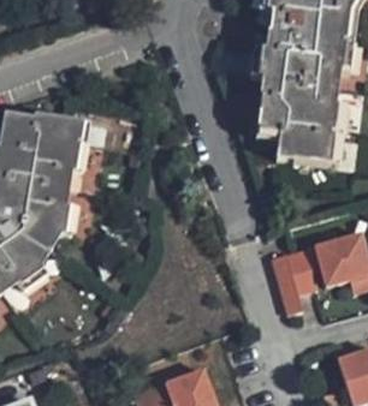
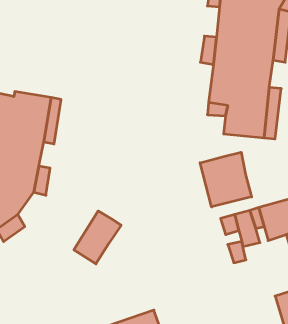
building: none -> [200,152,252,207]
building: none -> [74,211,121,264]

